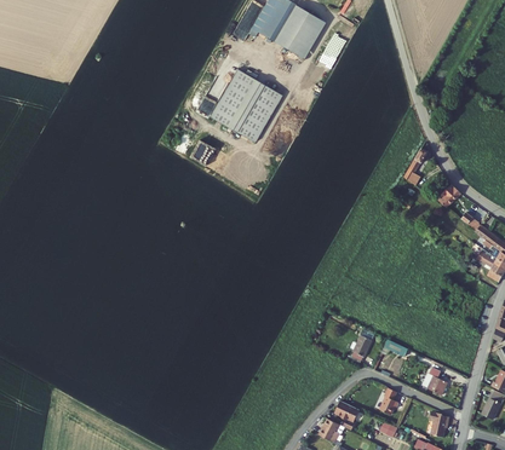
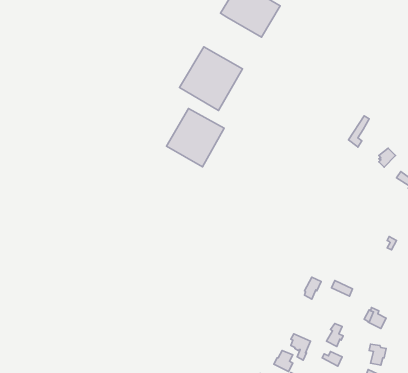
building: none -> [167,109,224,167]

